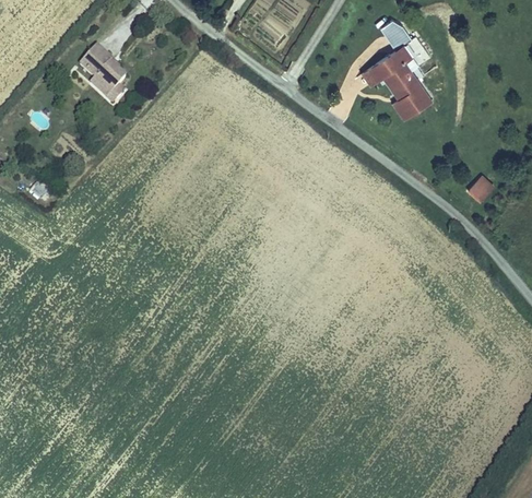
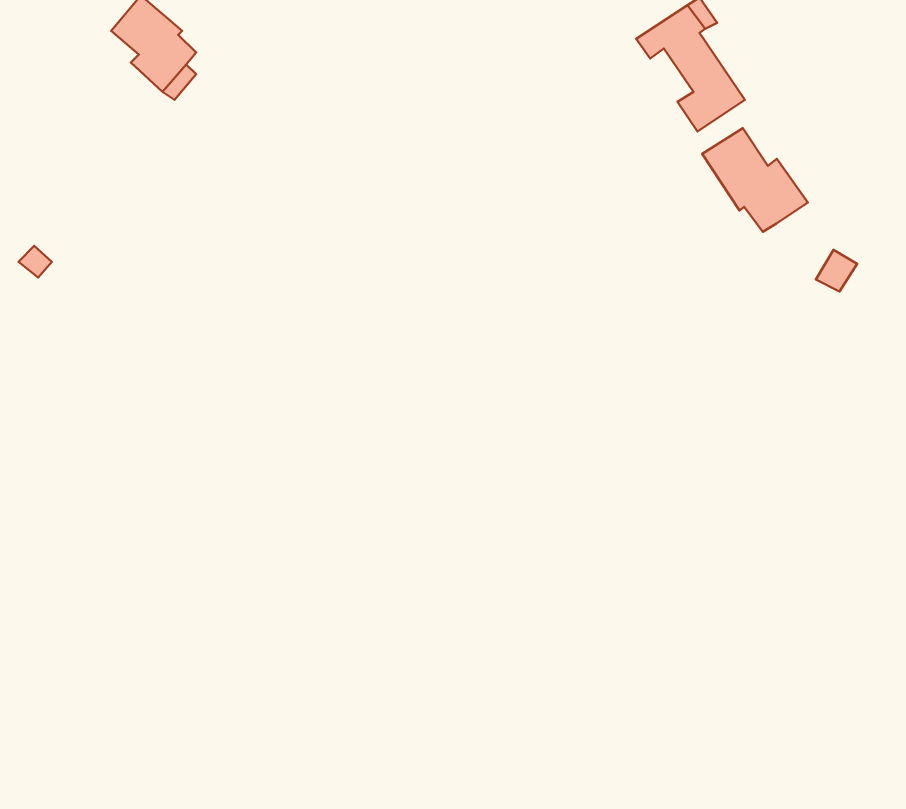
building: none -> [702,128,808,232]

